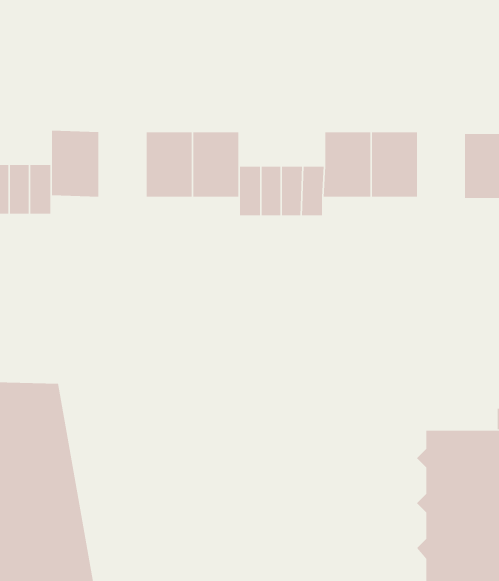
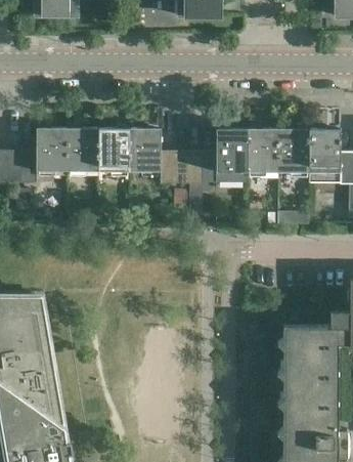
building: none -> [68,130,98,173]
building: none -> [277,130,308,174]

